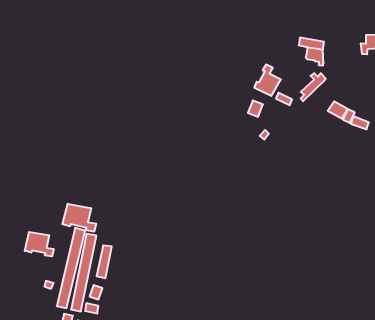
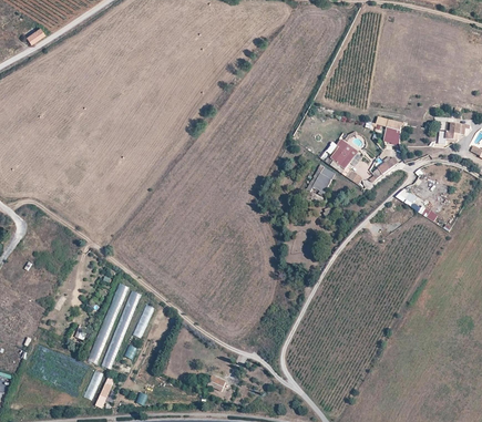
building: [62,204,96,232] -> none
building: [25,232,54,256] -> none

